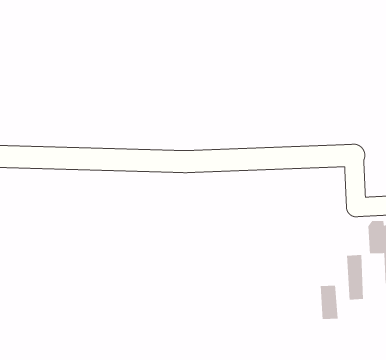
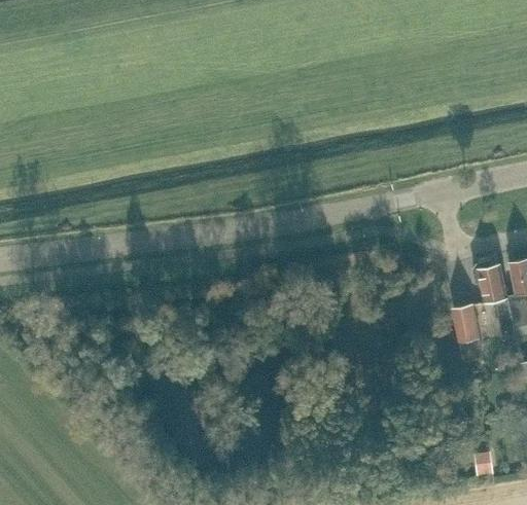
building: [320,285,339,320] -> none

